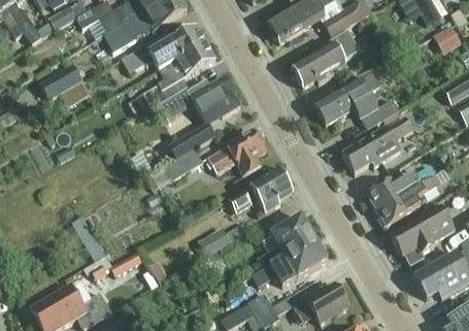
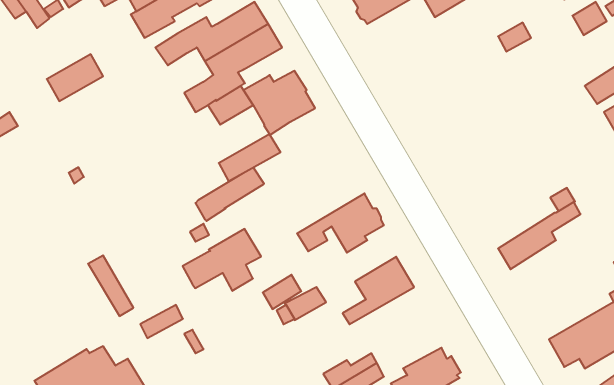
building: [293,29,360,86] -> none
building: [315,71,401,128] -> none
building: [343,115,414,172] -> none
building: [208,129,267,175] -> [183,229,261,291]
building: [368,172,421,209] -> none
building: [393,205,457,264] -> none
building: [253,238,328,286] -> none

